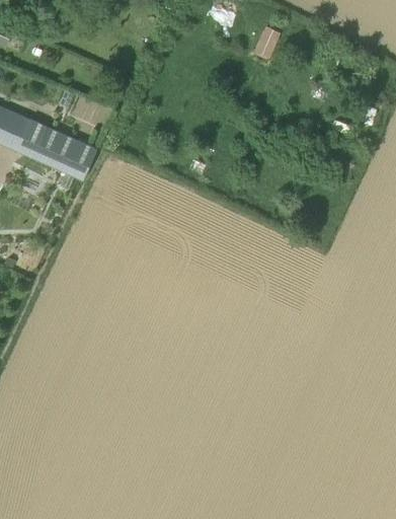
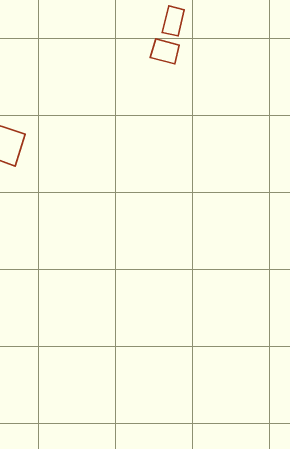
building: none -> [150,39,179,64]

